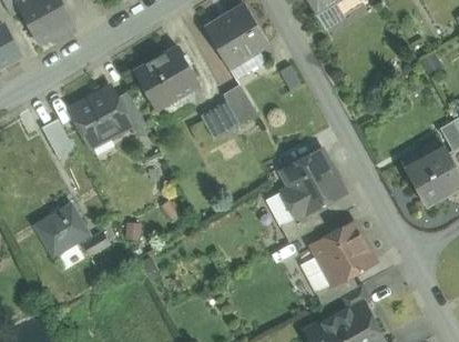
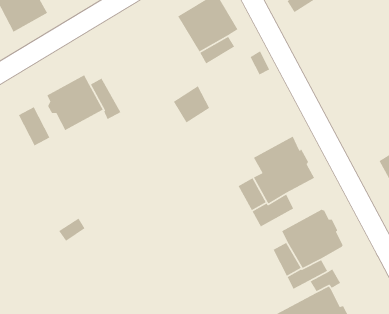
building: [134,47,200,108] -> none
building: [223,81,256,121] -> none
building: [38,205,90,255] -> none

